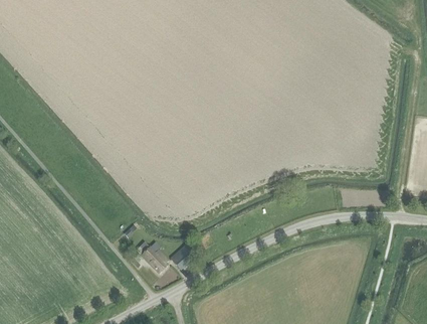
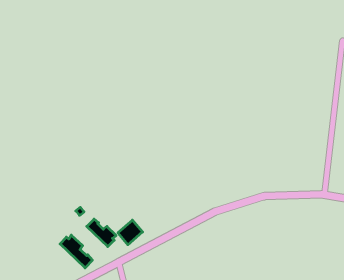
building: none -> [60,235,92,268]

